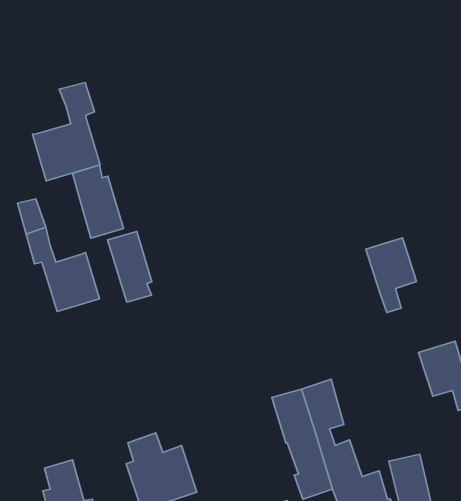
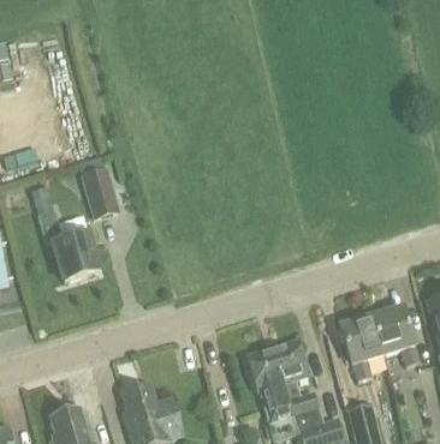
building: [32,83,100,181] -> none
building: [107,231,152,302] -> none
building: [366,238,417,312] -> [340,316,383,379]

